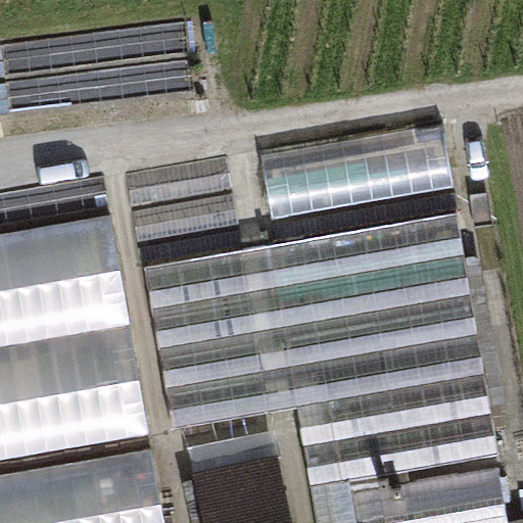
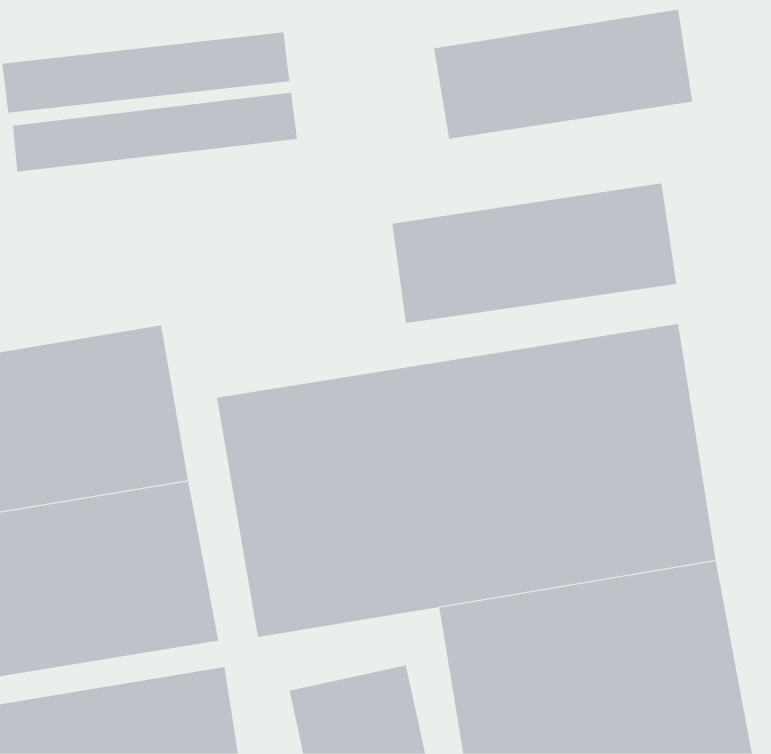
building: none -> [433,9,693,140]

